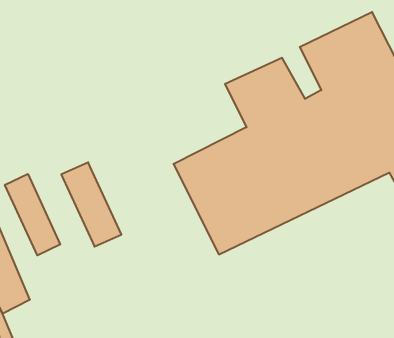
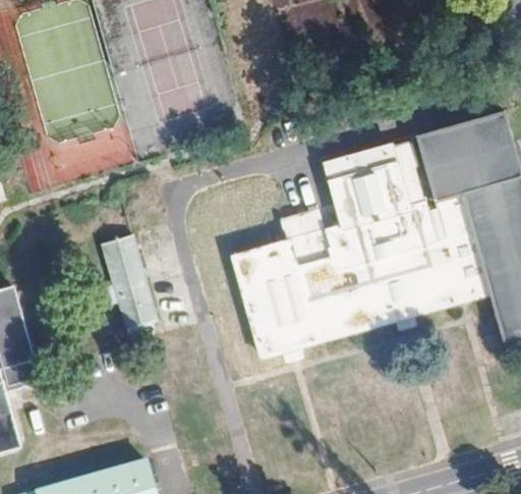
building: [5,174,60,255] -> none

